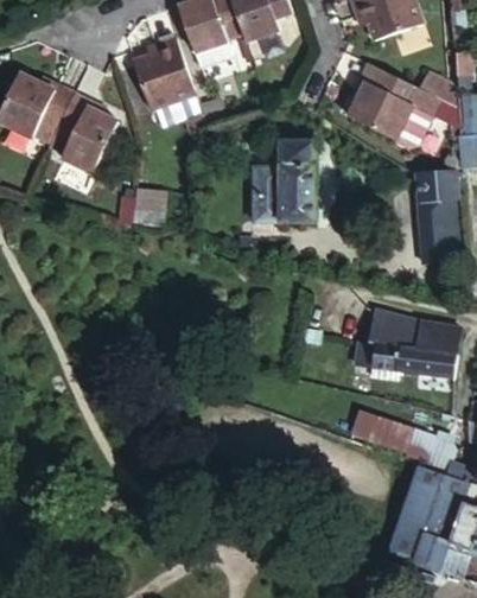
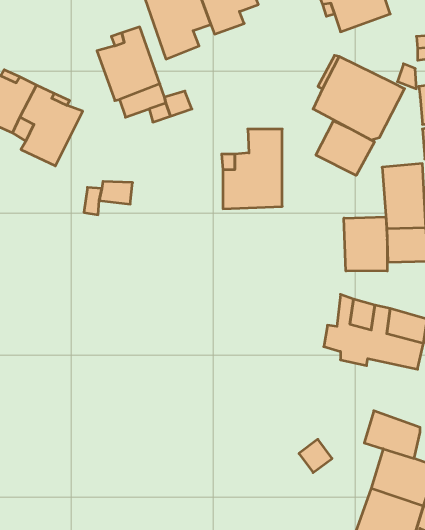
building: none -> [316,121,374,175]
building: none -> [344,217,387,271]
building: [350,403,407,451] -> none

